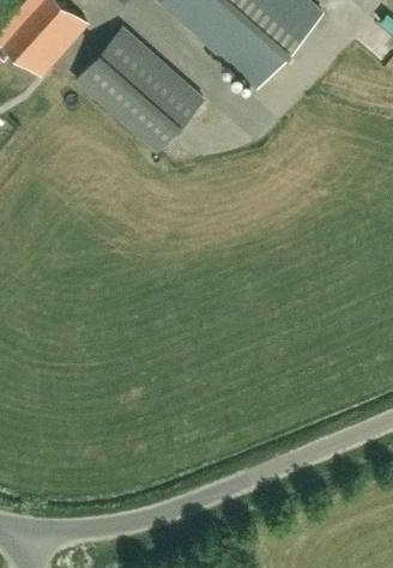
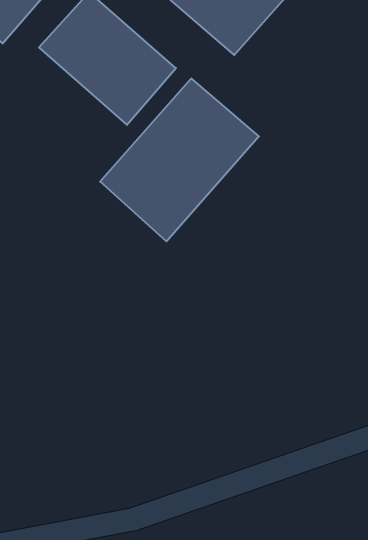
building: none -> [100,79,259,241]

